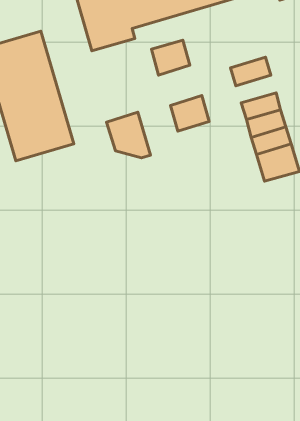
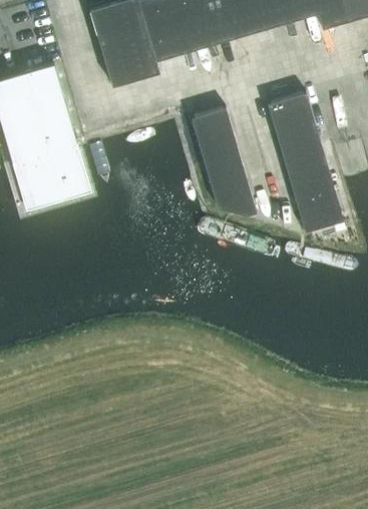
building: [151,40,190,75] -> [192,108,235,147]
building: none -> [273,113,318,144]
building: [107,112,150,158] -> [208,165,257,216]

